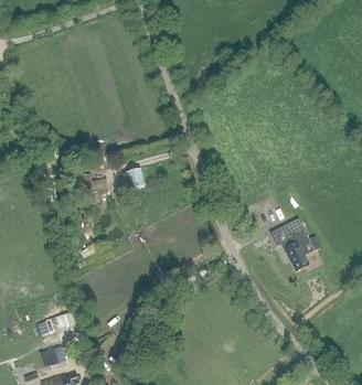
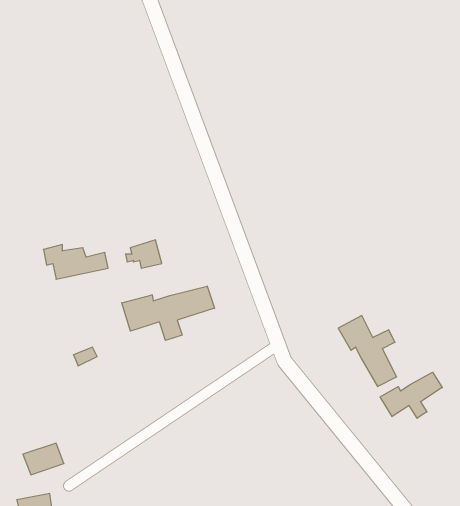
building: none -> [122,286,215,340]
building: none -> [380,372,442,418]

